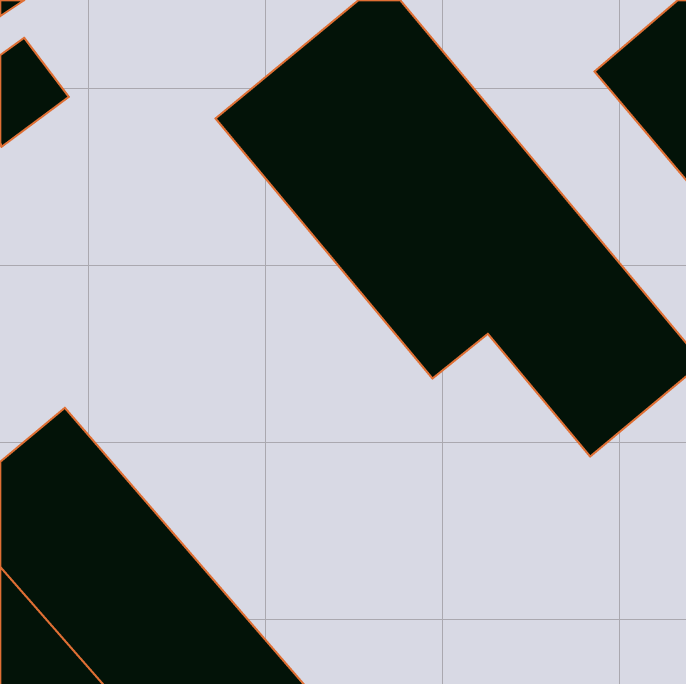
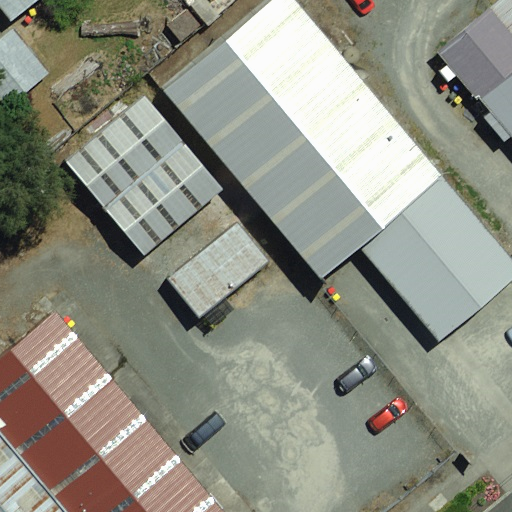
building: none -> [49,86,219,260]
building: none -> [155,219,261,318]

